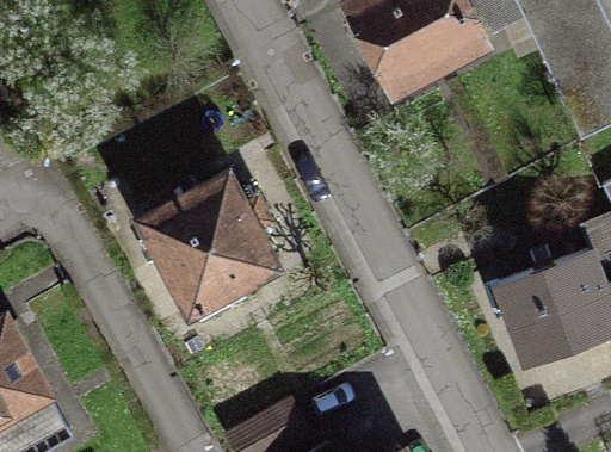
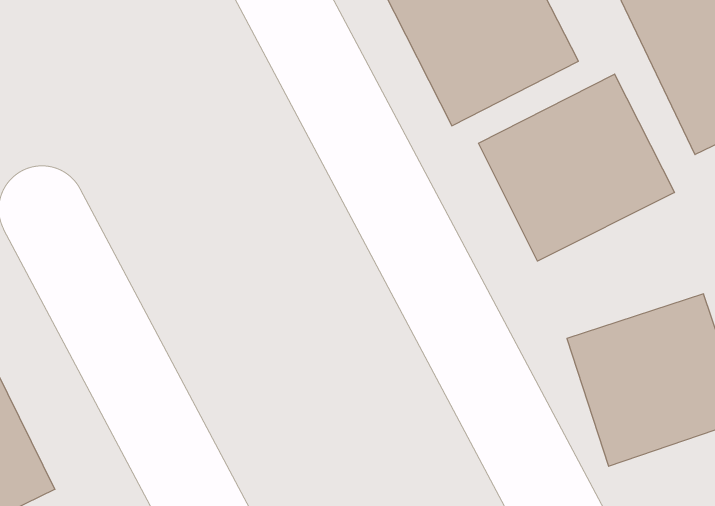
building: none -> [479,74,674,261]
building: [117,160,285,323] -> none

